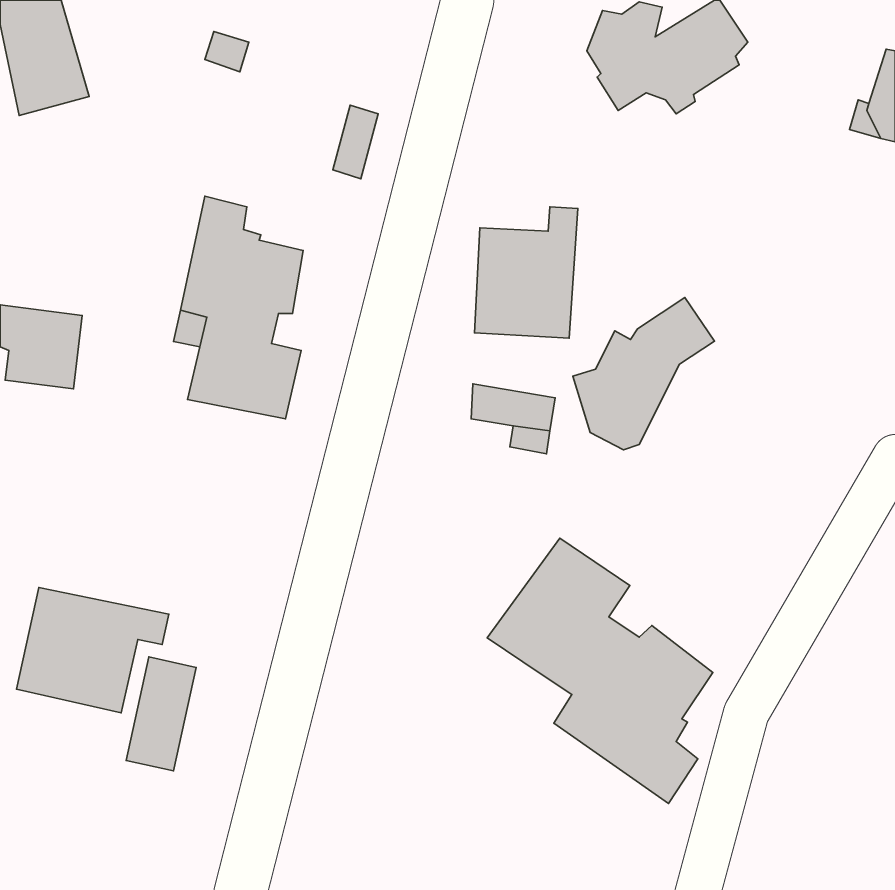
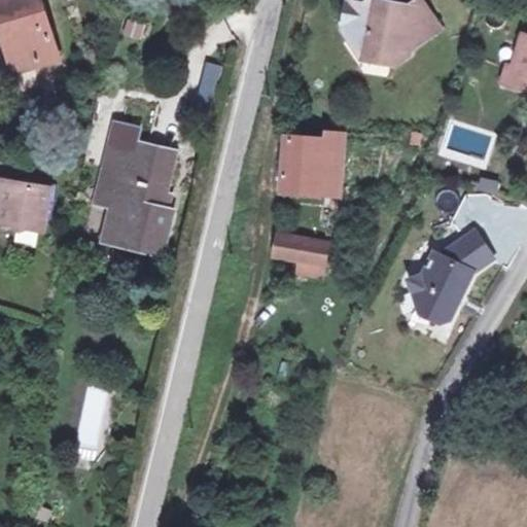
building: [573,297,715,450] -> [406,226,489,316]
building: [487,538,713,803] -> none
building: [17,587,169,713] -> none

